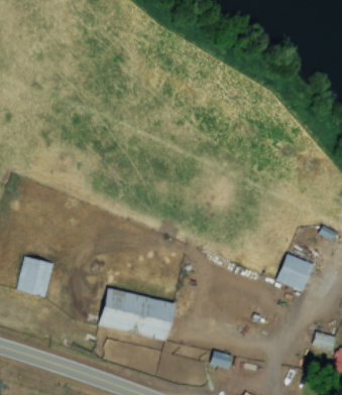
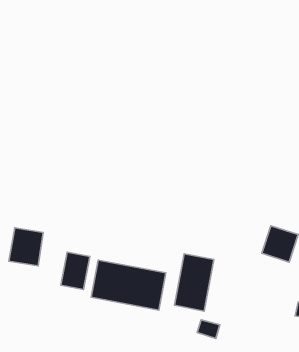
building: none -> [61,252,90,290]
building: none -> [174,254,214,311]

